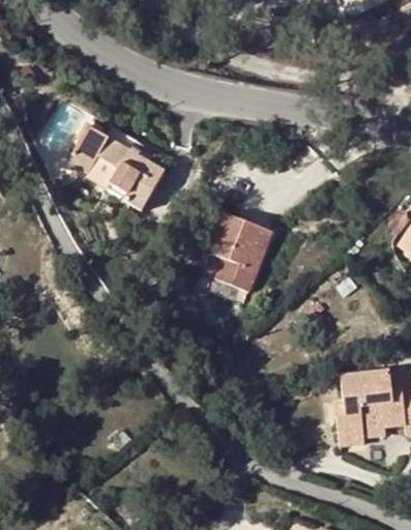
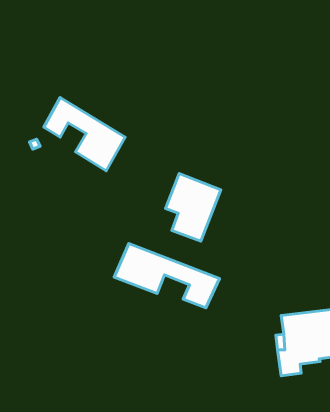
building: none -> [114,244,219,308]

